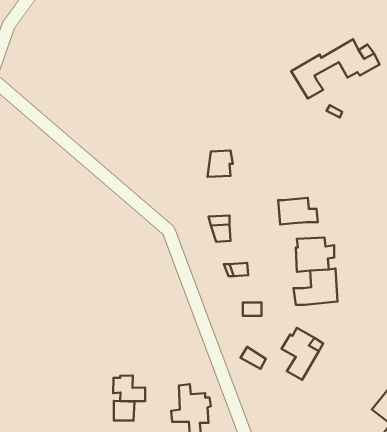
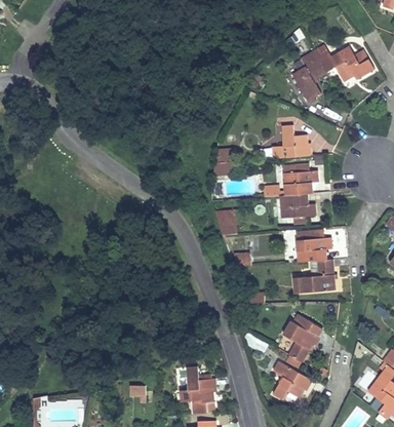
building: none -> [272,125,312,159]
building: none -> [281,163,317,195]
building: [113,376,145,401] -> none
building: none -> [272,360,312,399]

